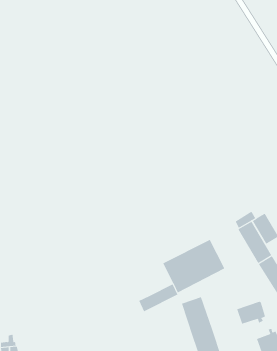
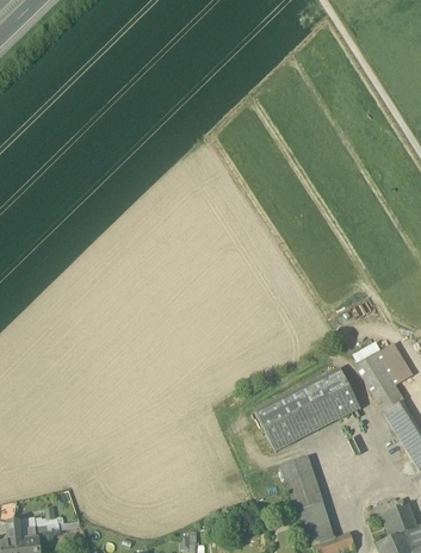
building: none -> [320,368,361,418]
building: [139,284,178,312] -> none
building: [236,301,266,324] -> none

